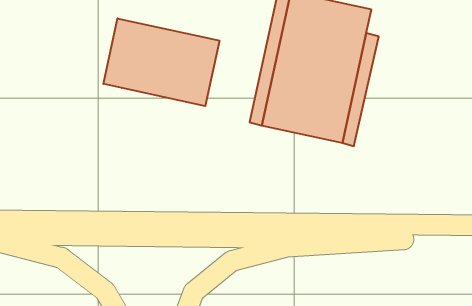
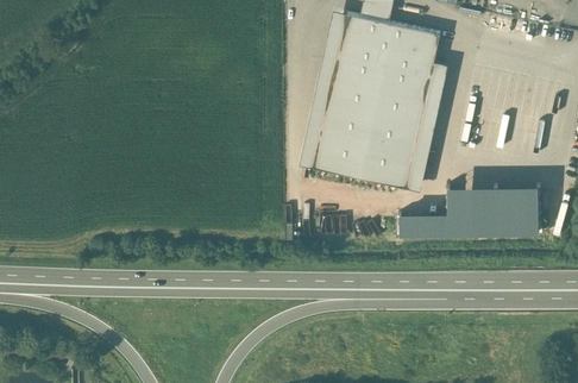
building: [103,18,219,106] -> none
building: none -> [400,186,539,236]

